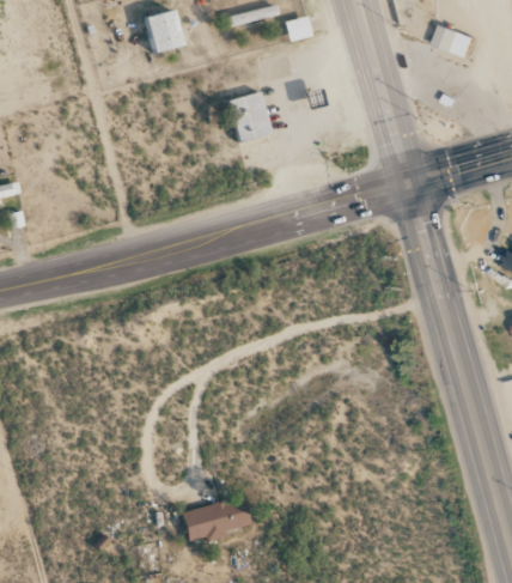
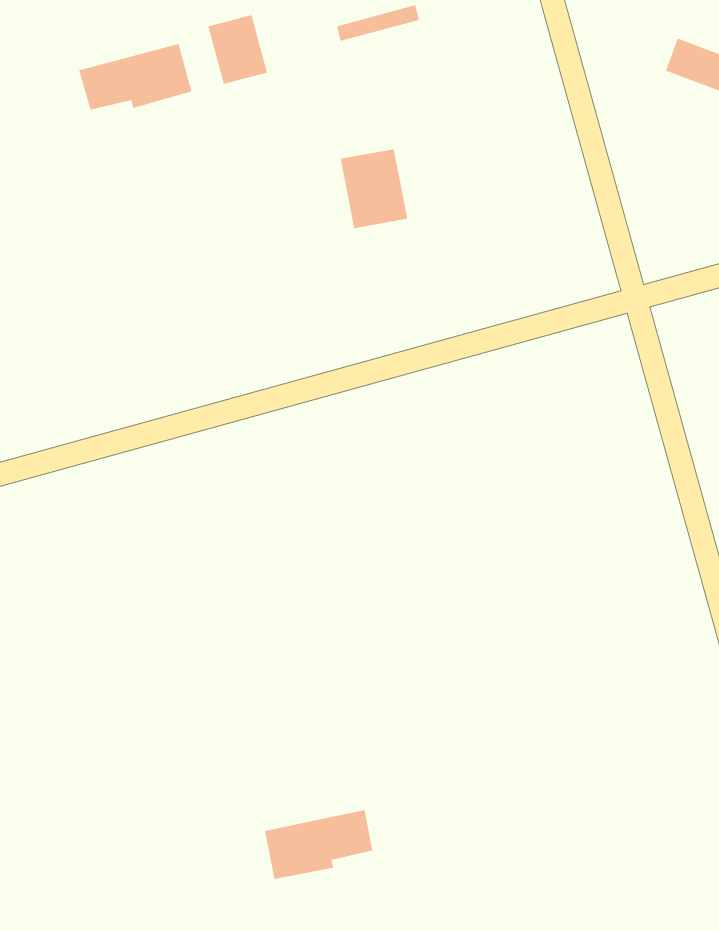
building: [284,16,312,43] -> none
building: none -> [78,43,192,111]

